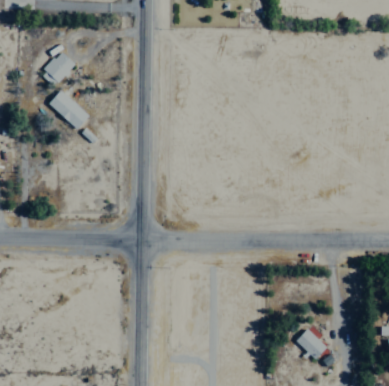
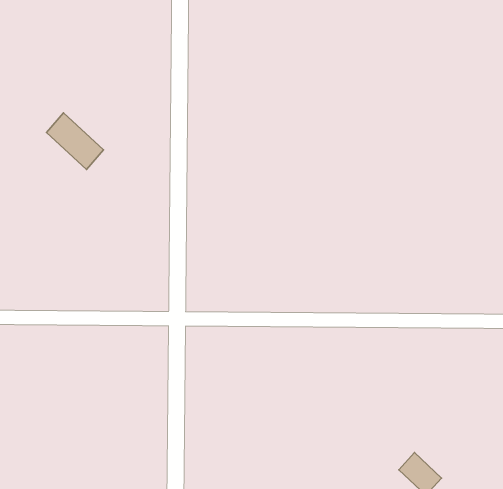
building: [40,51,76,88] -> none

